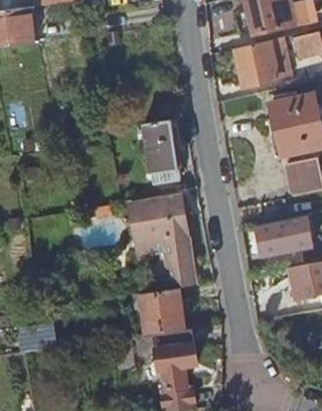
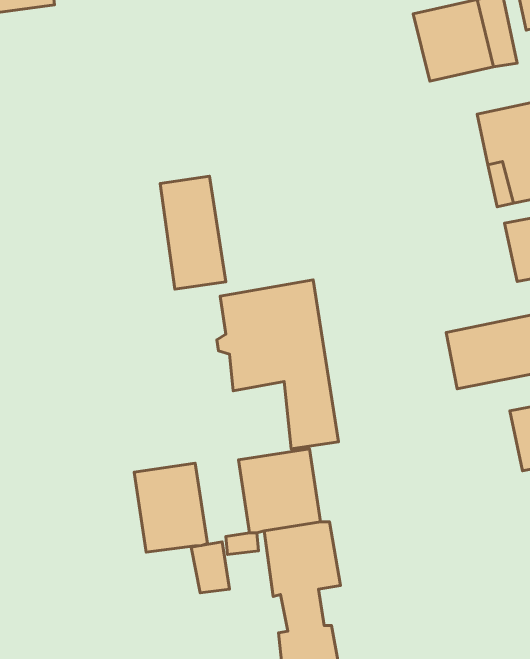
building: [143,119,179,181] -> [160,176,226,289]
building: none -> [134,463,207,552]

